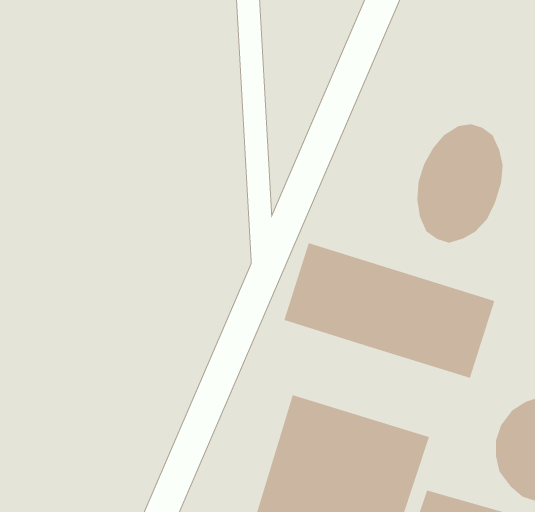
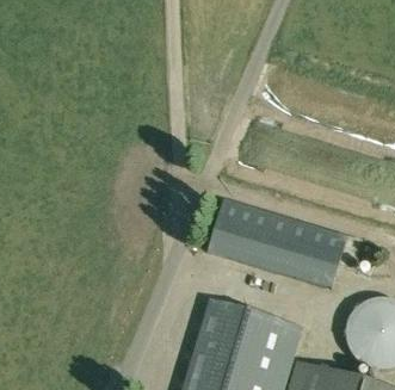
building: [417,123,503,243] -> none

